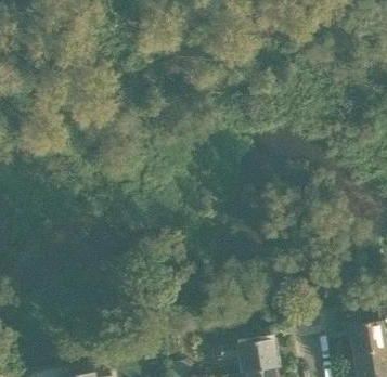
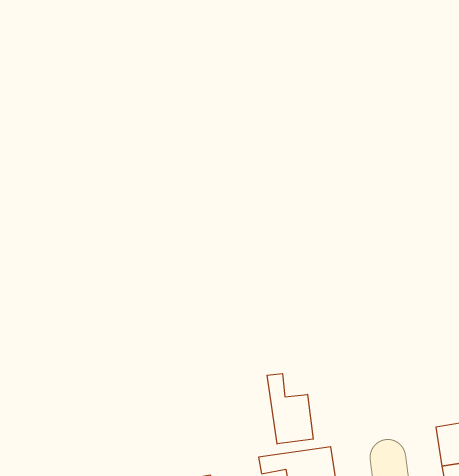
building: none -> [267,374,313,444]

